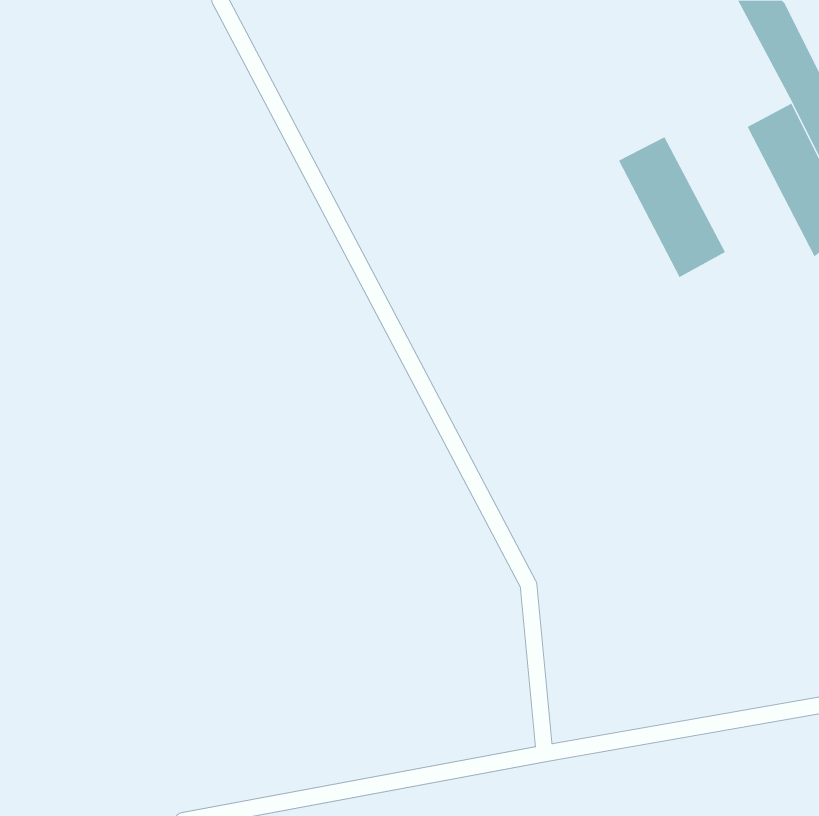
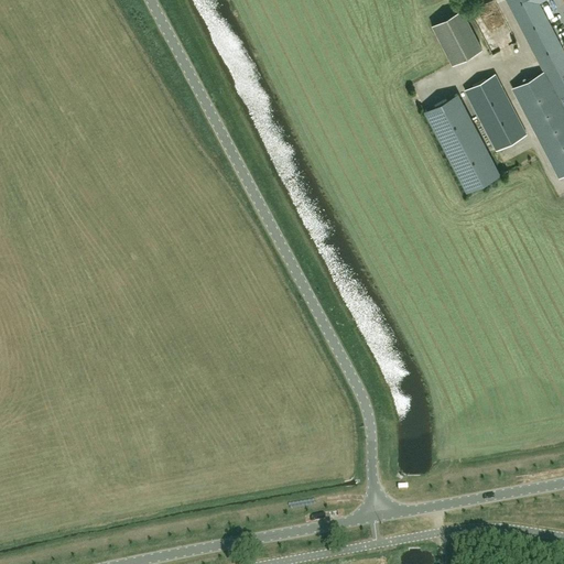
building: none -> [432,10,482,67]
building: none -> [466,77,528,152]

